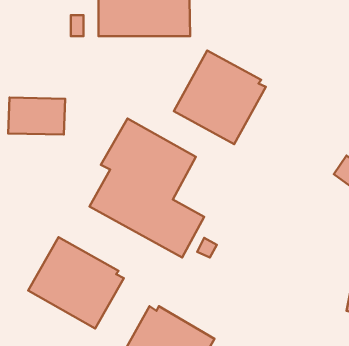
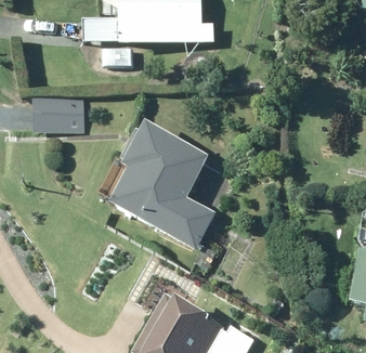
building: [174,51,266,144] -> none
building: [28,237,124,328] -> none

